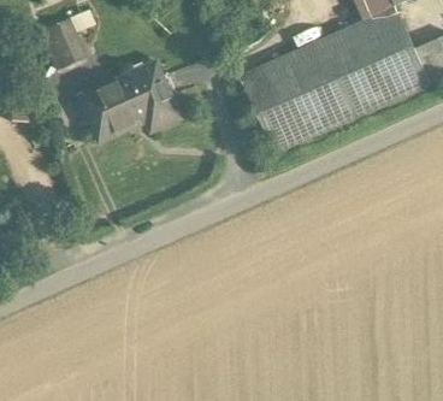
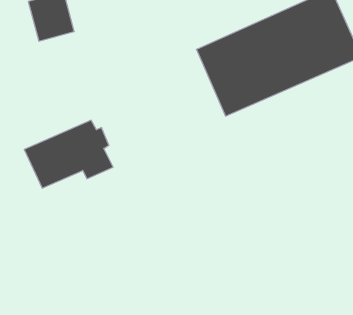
building: [77,63,179,141] -> [24,120,113,188]

